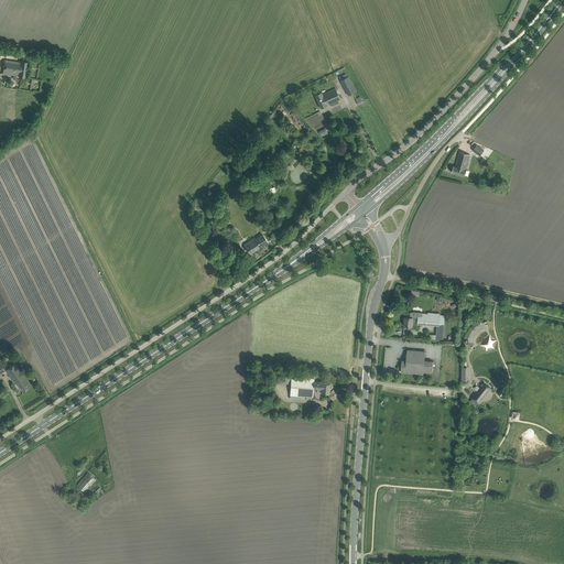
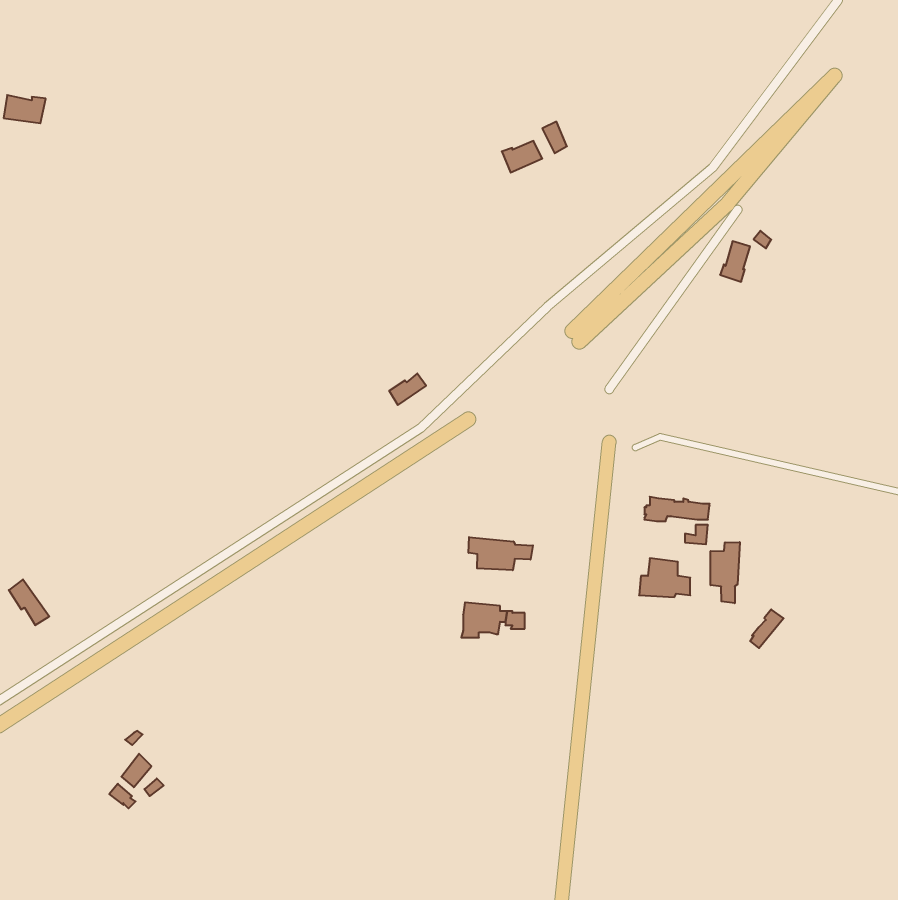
building: none -> [469,537,533,570]
building: none -> [711,542,740,603]

